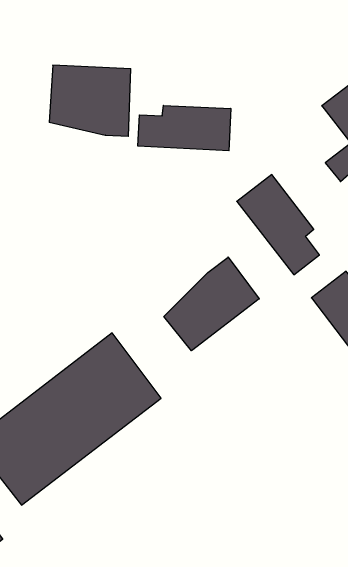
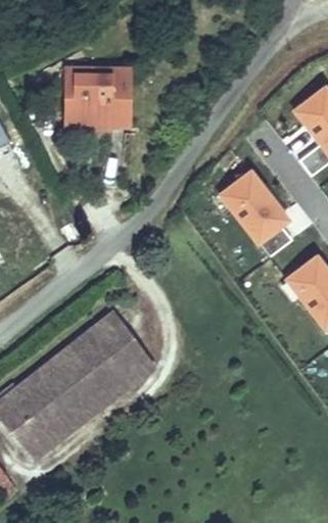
building: [138,105,231,151] -> none
building: [164,257,259,351] -> none

